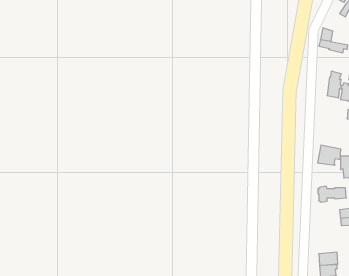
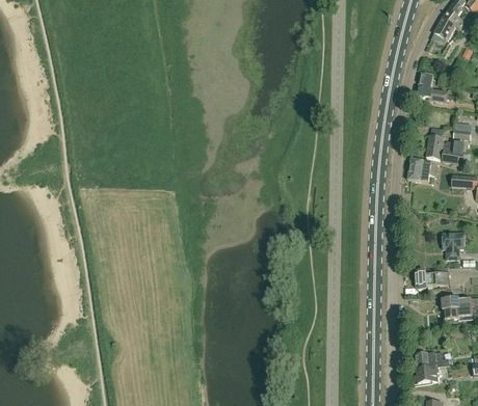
building: [318,145,341,165] -> [407,158,436,183]

